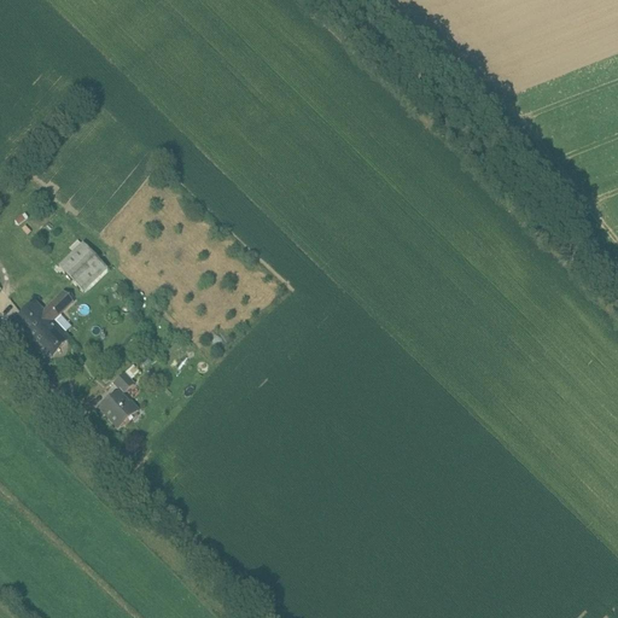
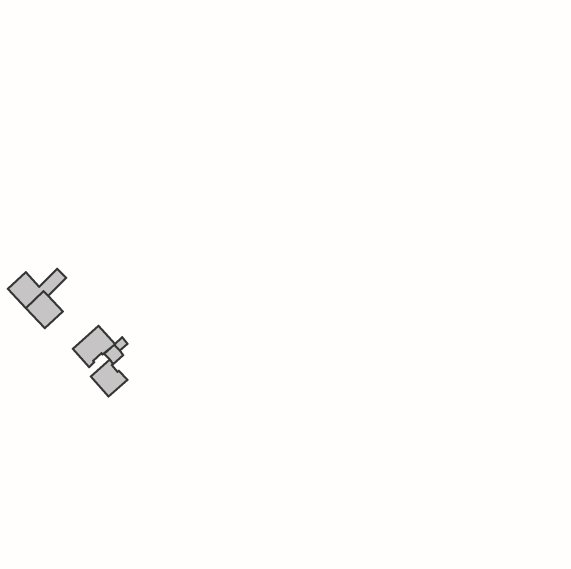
building: [58,241,106,290] -> none
building: none -> [73,326,115,367]

